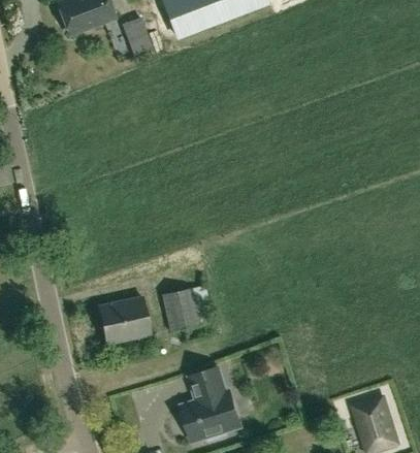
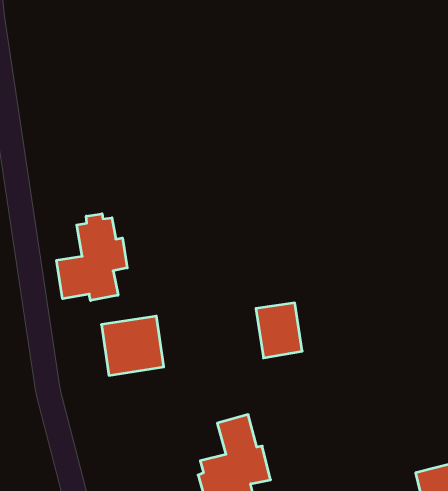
building: none -> [57,214,127,301]
building: [162,287,200,331] -> [256,303,302,358]

